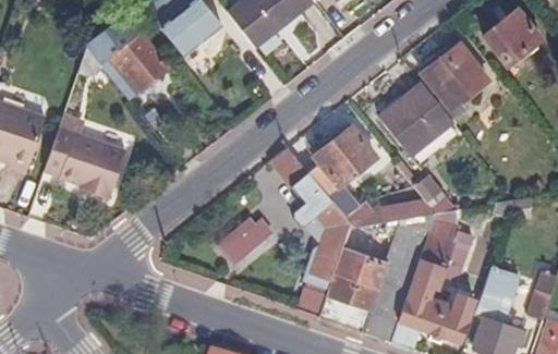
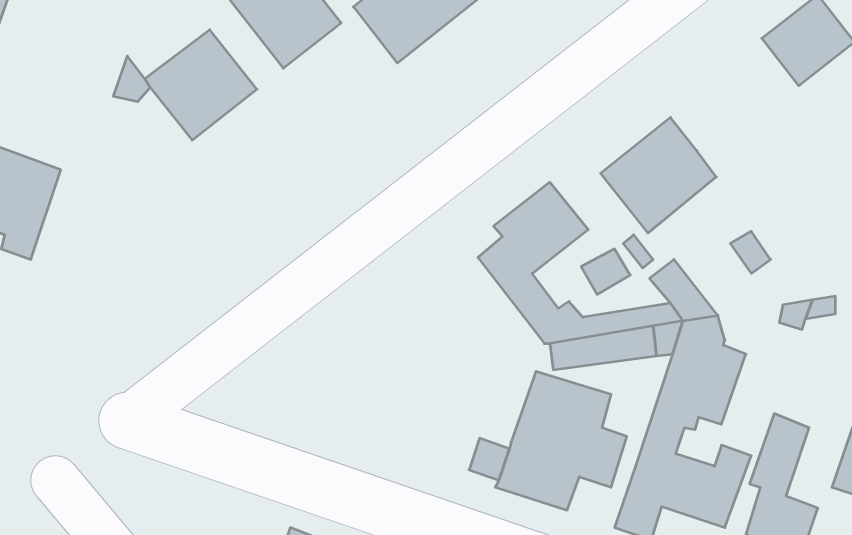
building: [417,41,487,105] -> none
building: [46,110,129,198] -> none
building: [268,147,348,285] -> none
building: [216,218,270,261] -> none

